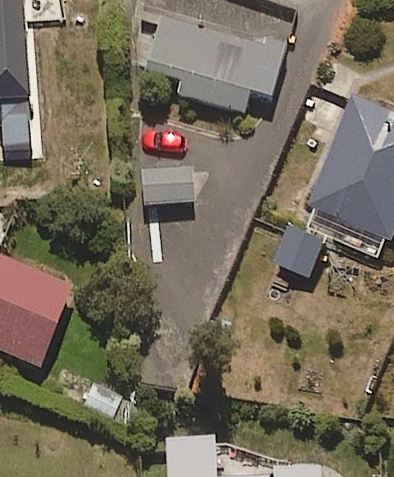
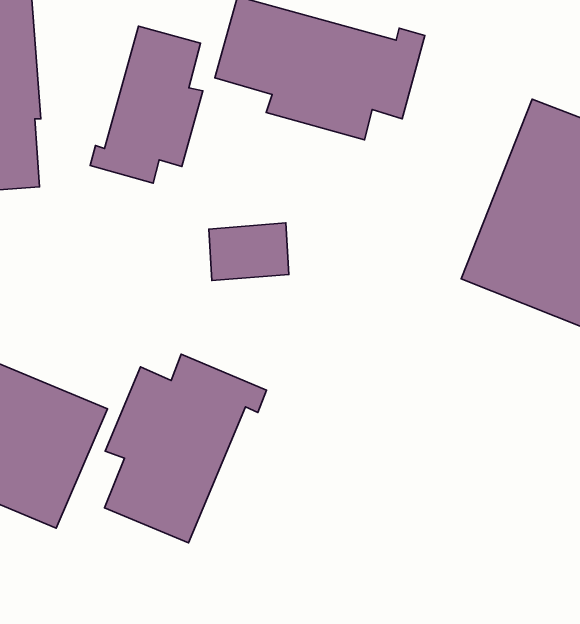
building: none -> [90,26,203,183]
building: none -> [105,354,267,543]

